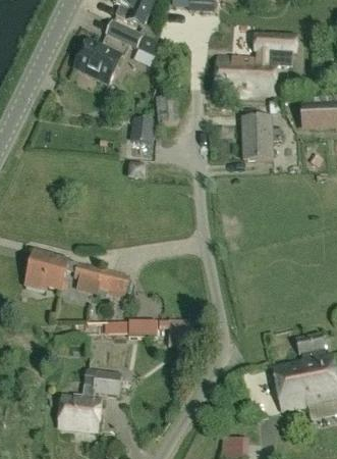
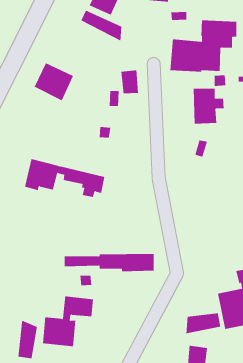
building: [73,38,122,85] -> [34,63,74,101]
building: [25,251,124,299] -> [24,158,105,198]
building: none -> [186,312,221,334]
building: none -> [18,320,37,359]

